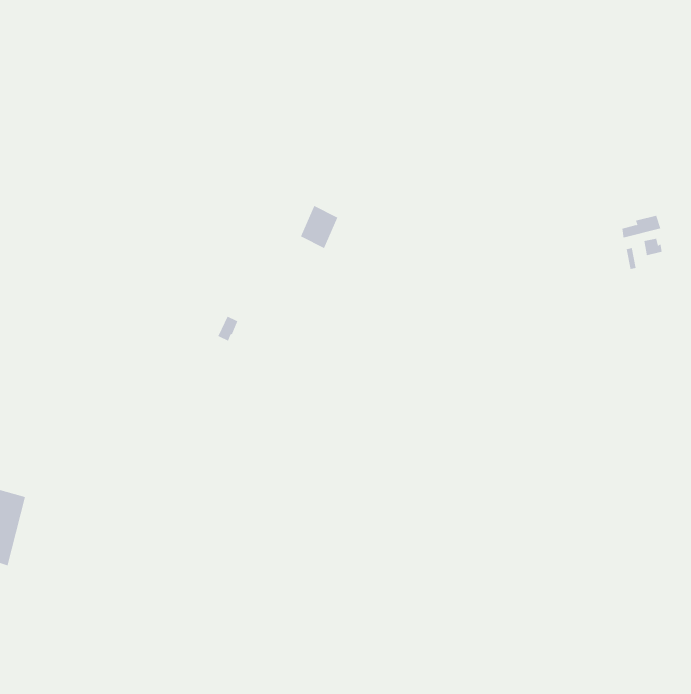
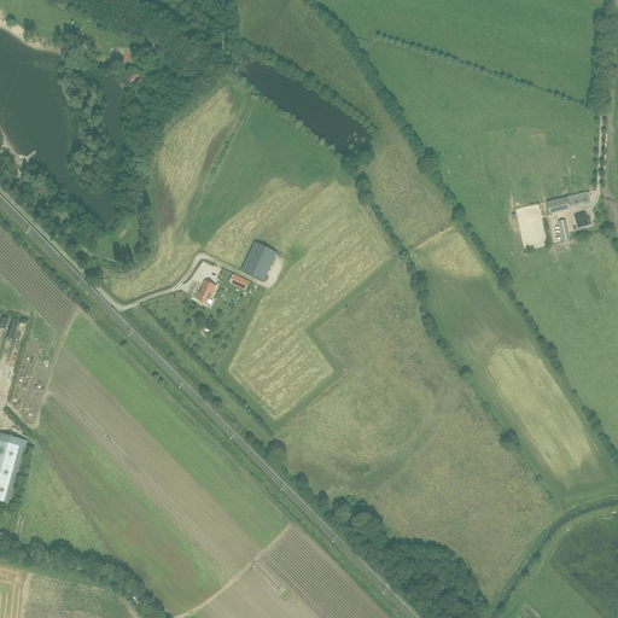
building: [300,205,338,249] -> [241,241,275,280]

